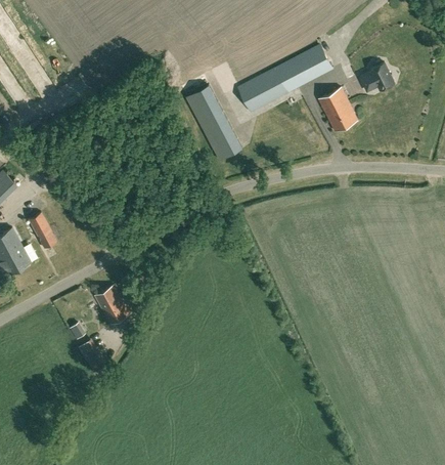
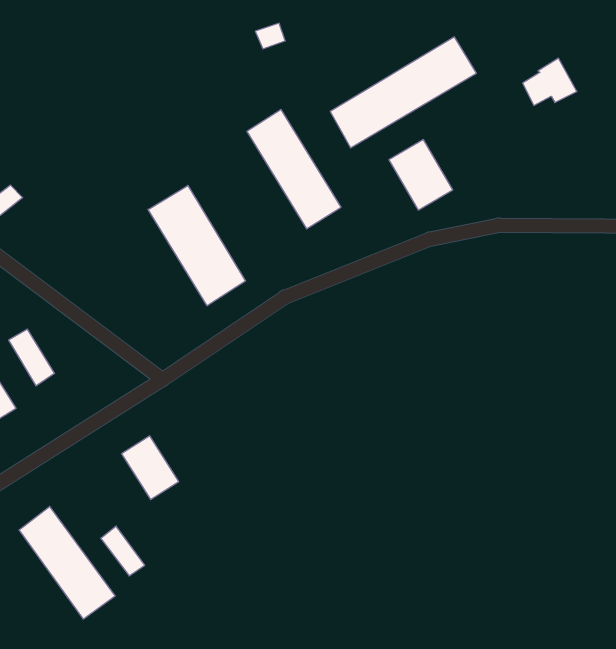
building: [319,87,358,131] -> [389,140,453,210]
building: none -> [148,185,246,306]
building: none -> [19,506,115,619]

